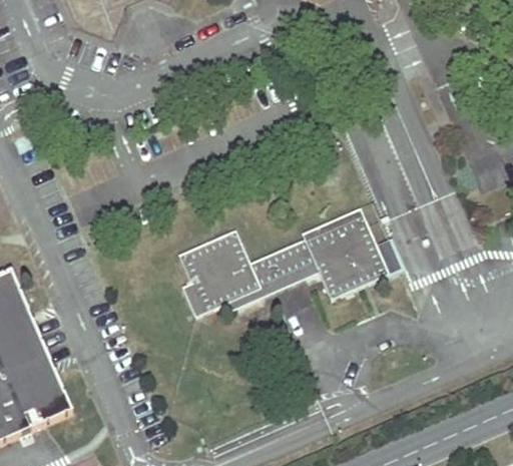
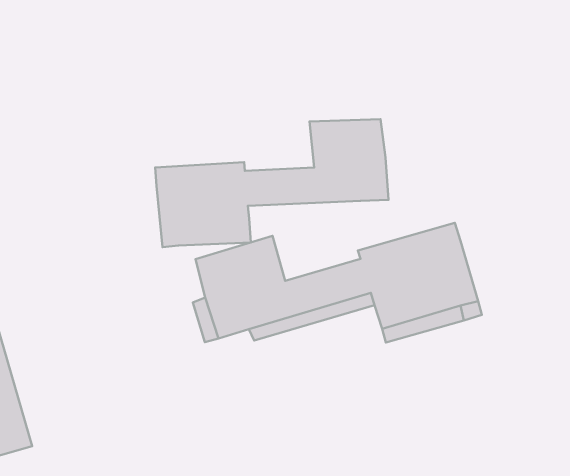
building: none -> [155,119,389,247]

